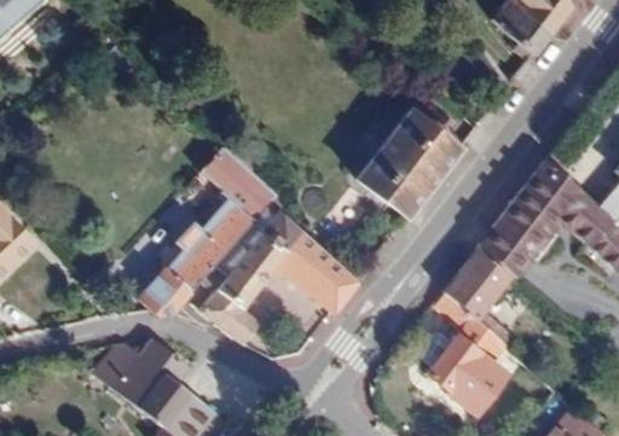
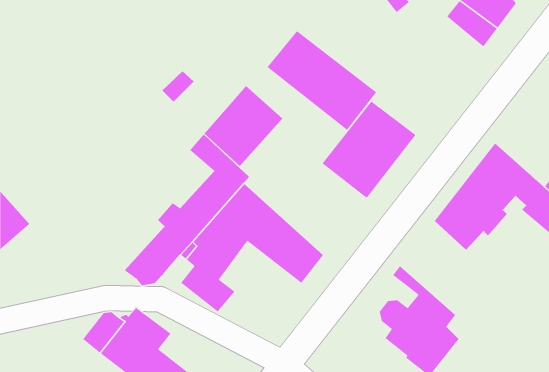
building: none -> [267,30,377,131]
building: none -> [203,85,283,167]
building: [441,243,513,345] -> none

